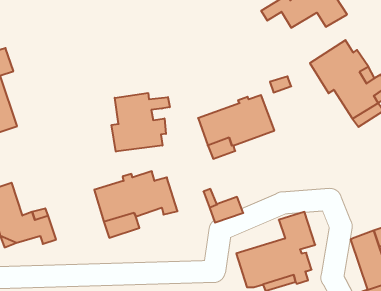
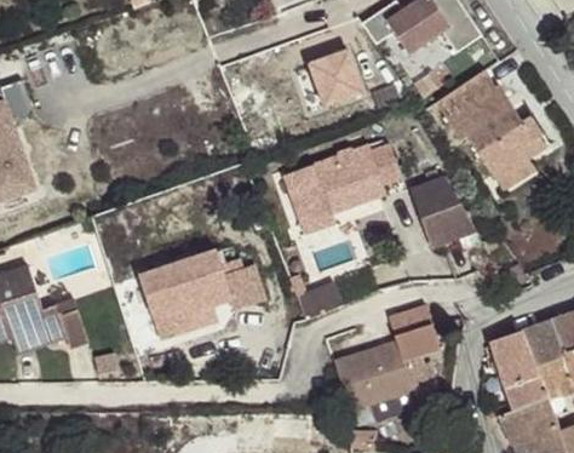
building: none -> [305,42,365,103]
building: [112,93,170,152] -> none
building: none -> [411,177,477,247]

